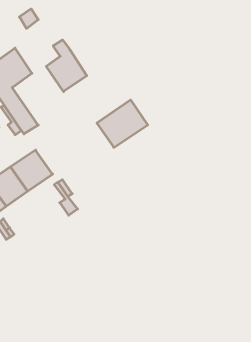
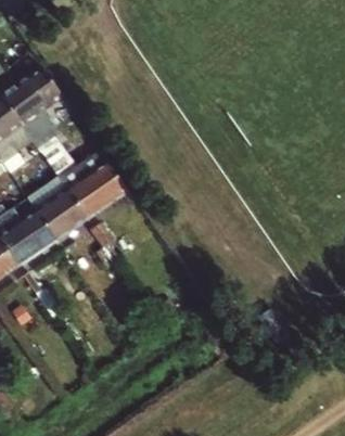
building: [46,40,87,92] -> none
building: [97,100,148,147] -> [65,162,127,219]

